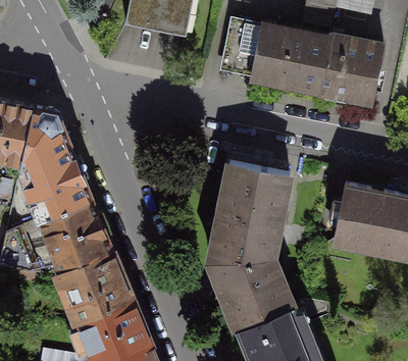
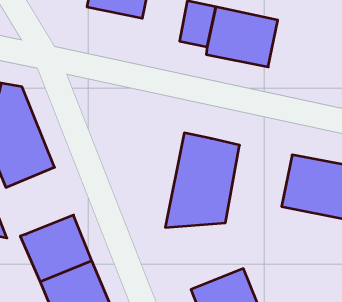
building: [319,37,382,103] -> none
building: [39,199,111,270] -> none
building: [209,258,293,329] -> none

